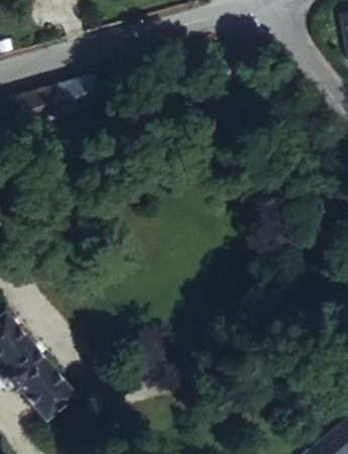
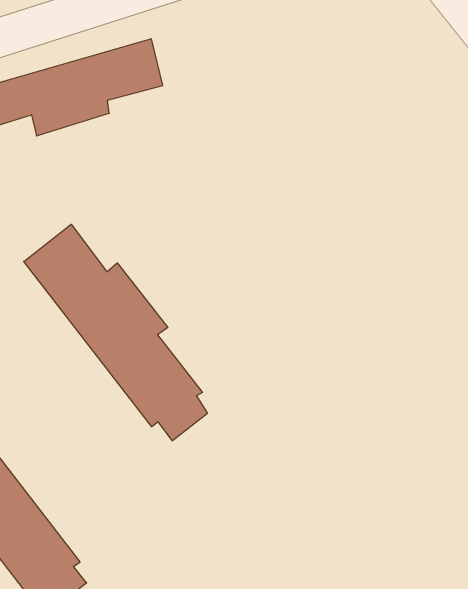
building: none -> [24,224,207,441]

